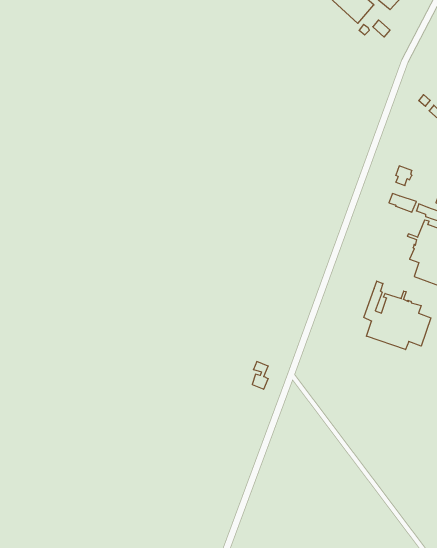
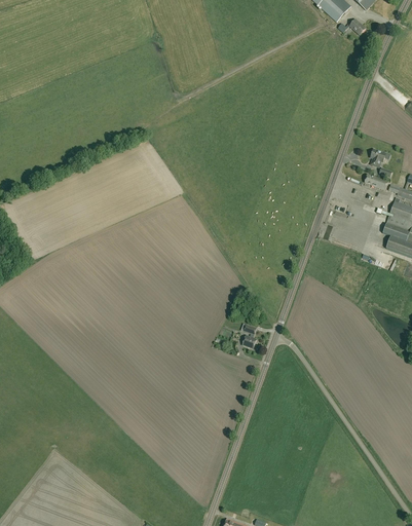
building: [364,281,431,350] -> none

